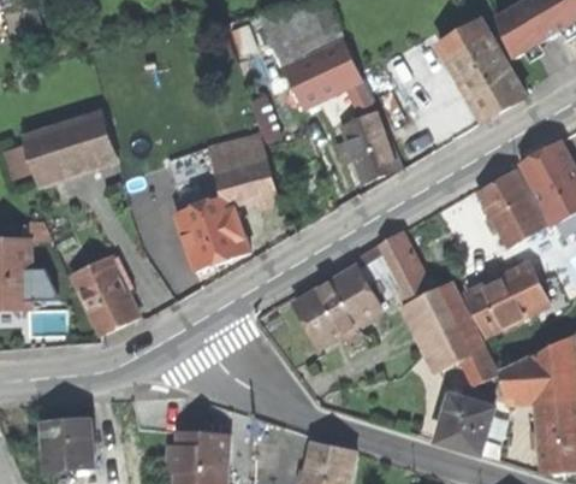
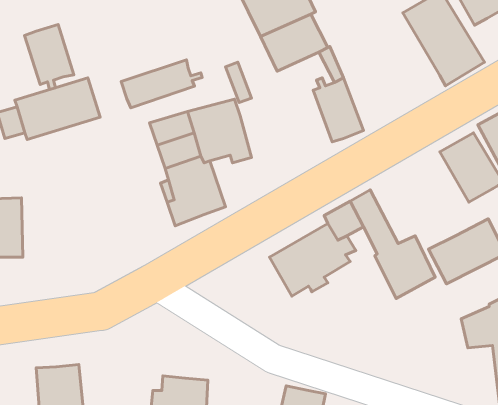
building: none -> [24,24,74,90]
building: none -> [121,60,202,108]
building: [72,255,138,335] -> none
building: [430,326,495,384] -> none
building: [437,390,494,453] -> none

